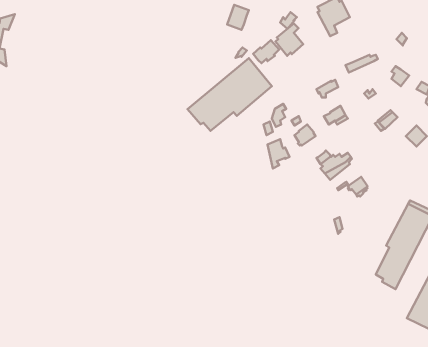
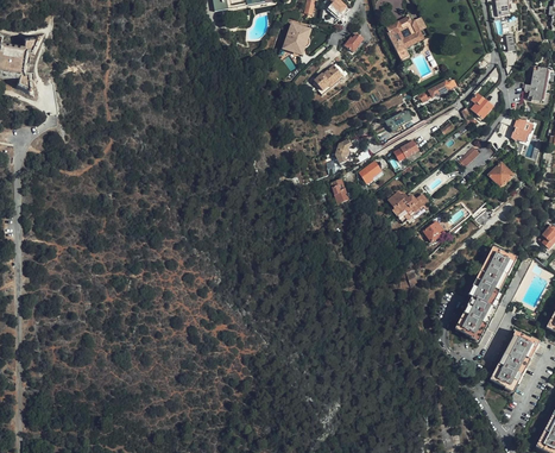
building: [275,23,303,56] -> none
building: [188,58,272,131] -> none

